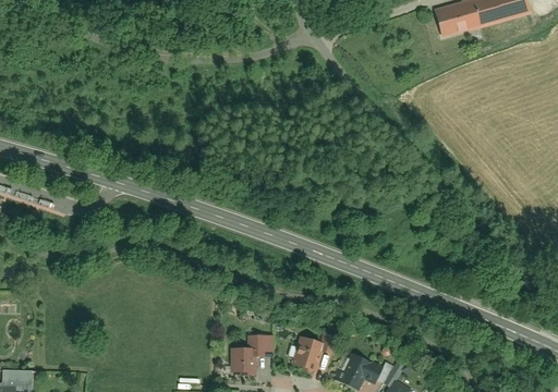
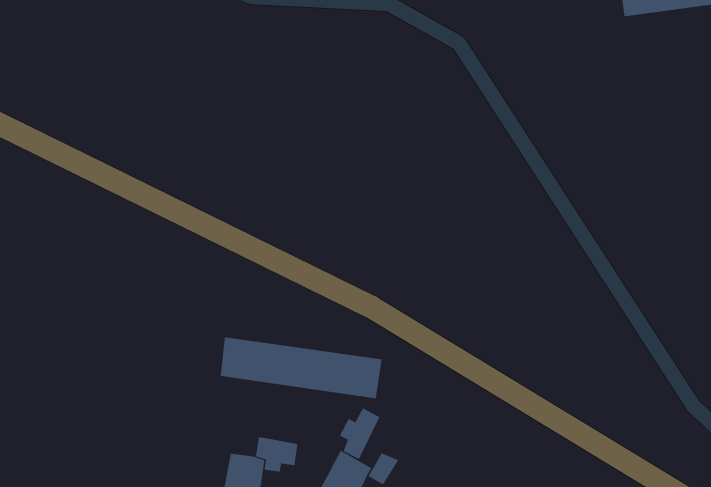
building: none -> [220,336,382,399]
building: none -> [339,407,380,460]

